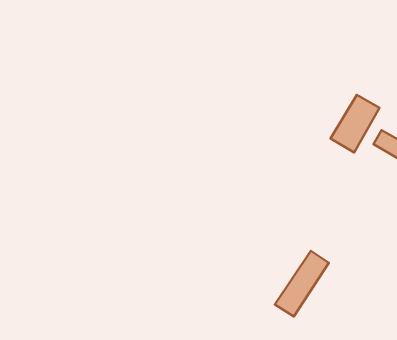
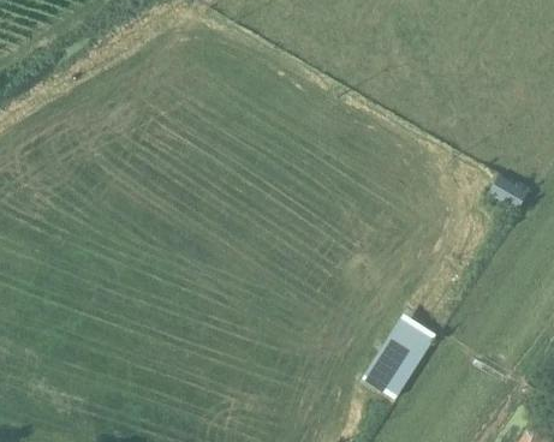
building: [330,95,380,153] -> none

